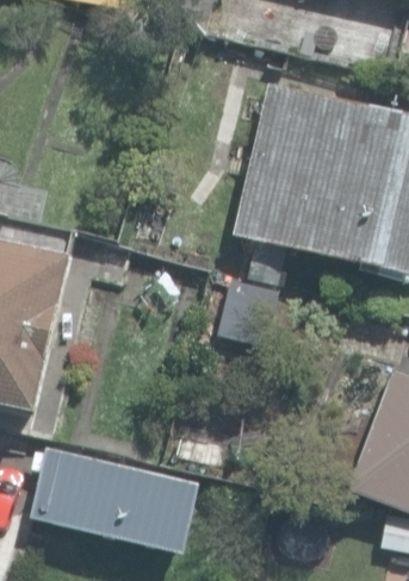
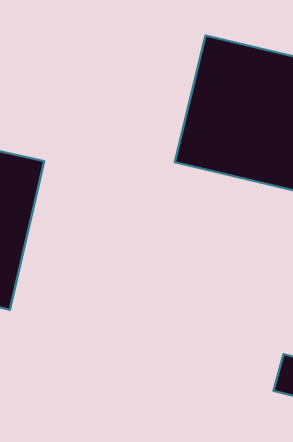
building: [30,444,199,551] -> none

